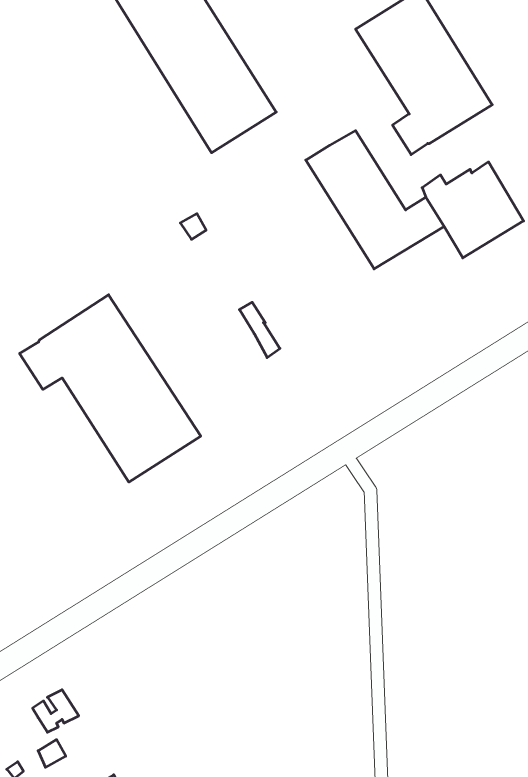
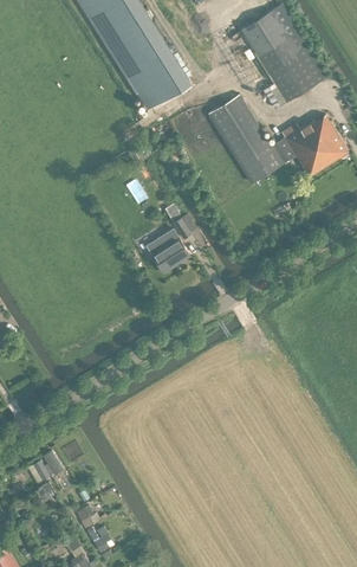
building: [20,295,201,482] -> none
building: none -> [147,228,190,273]

